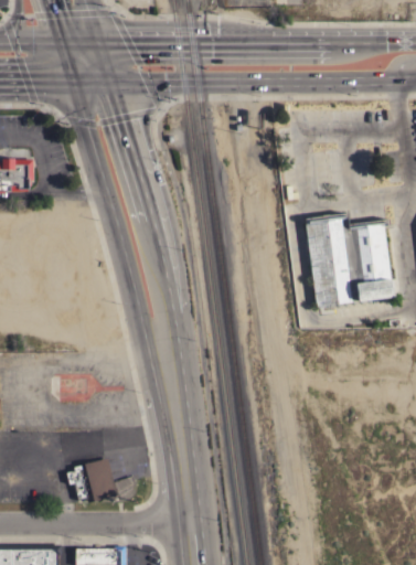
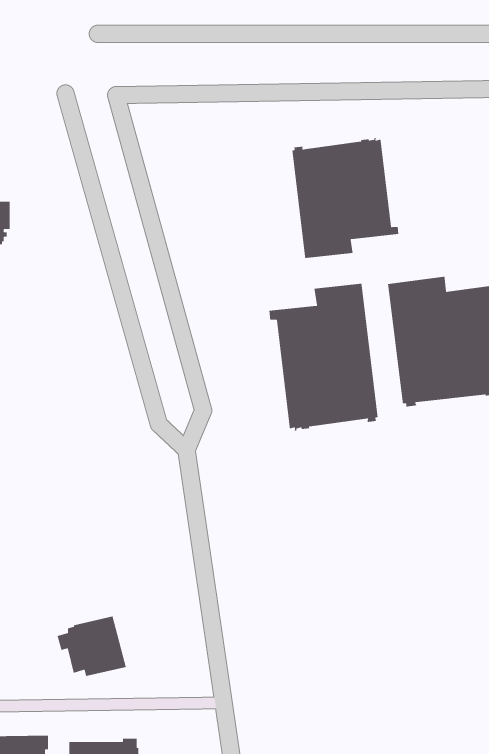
building: none -> [292,137,399,259]
building: none -> [269,283,379,432]

